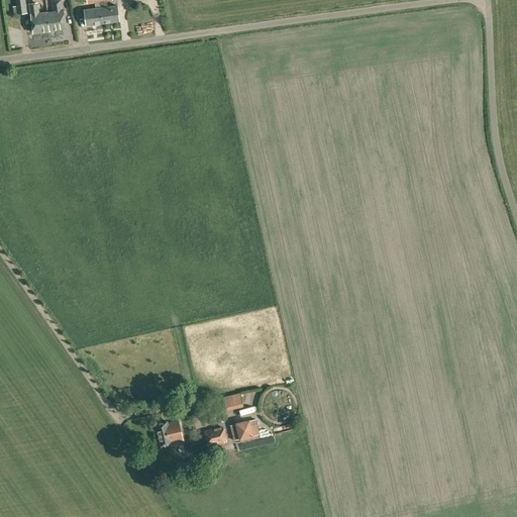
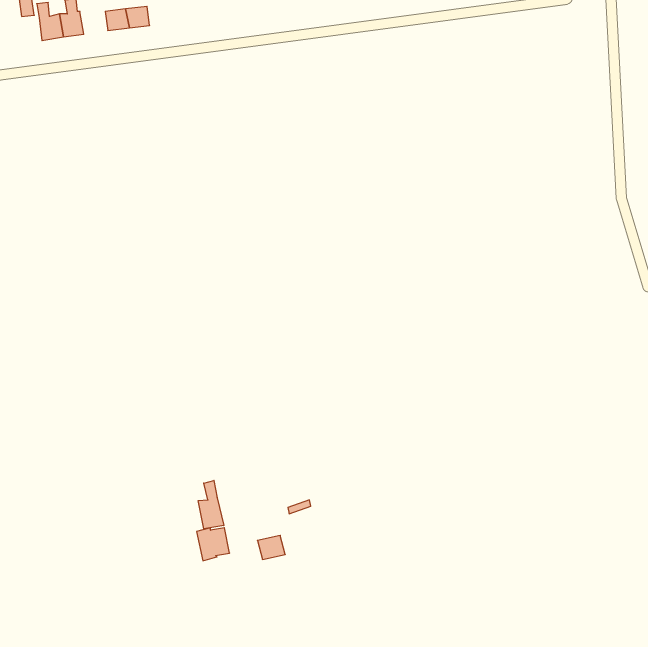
building: none -> [198,480,224,529]
building: [230,418,260,439] -> none

